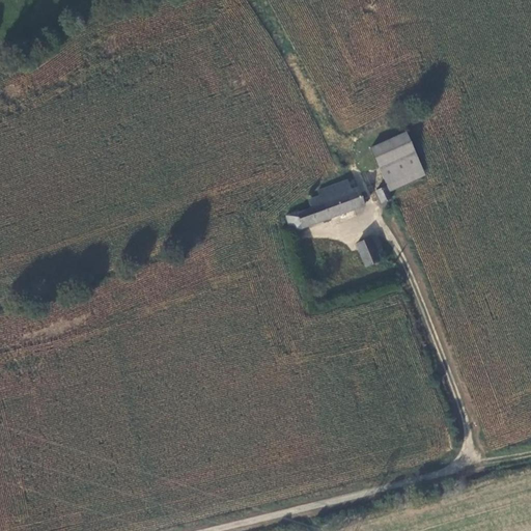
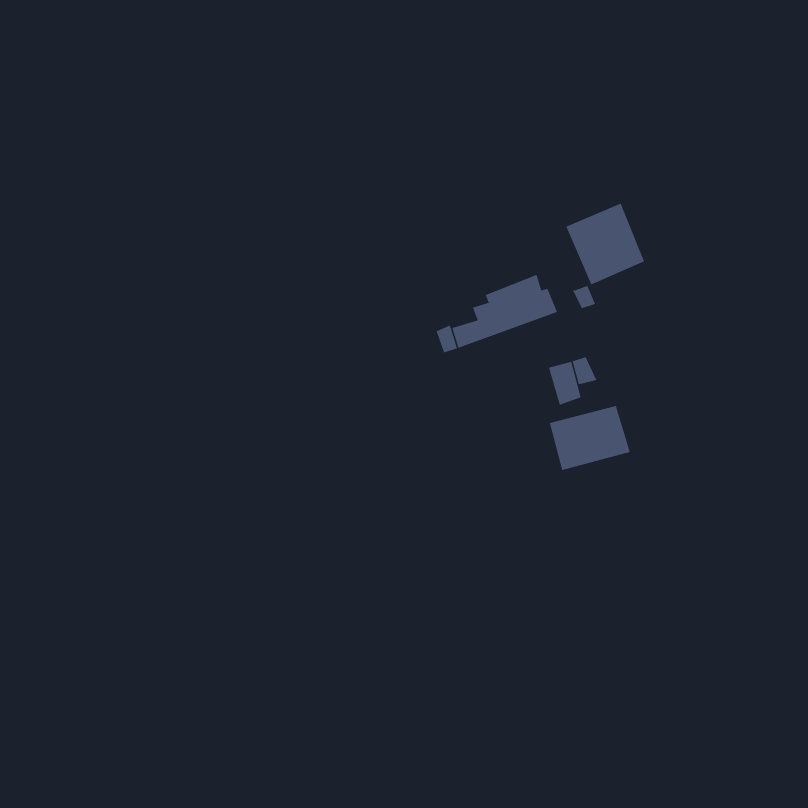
building: none -> [549,405,630,471]

